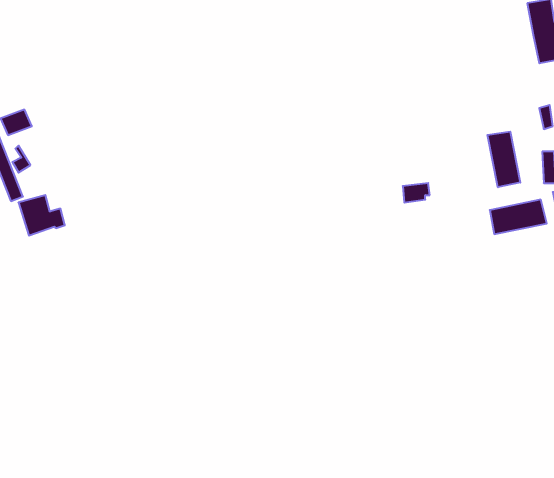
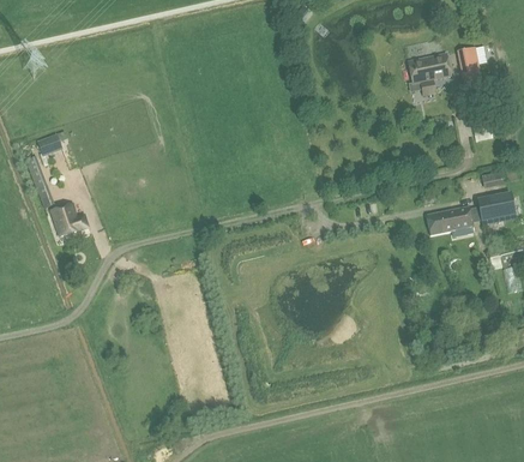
building: none -> [406,52,448,94]
building: [487,132,520,187] -> none

